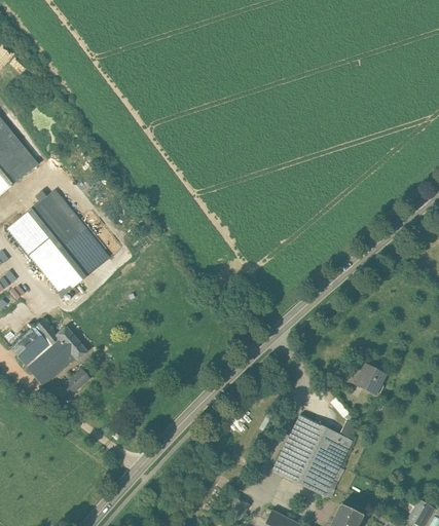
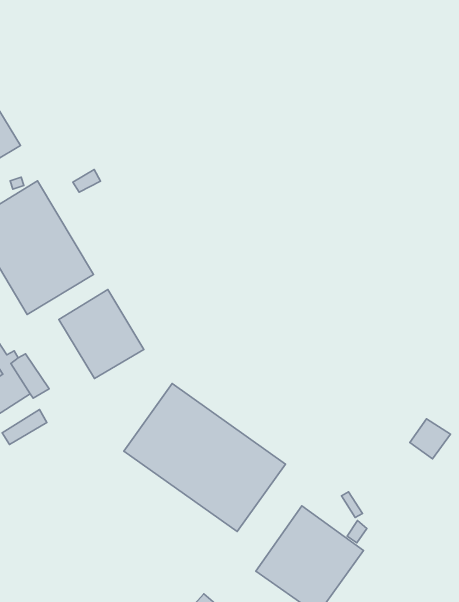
building: none -> [59,289,144,378]
building: none -> [124,384,286,532]
building: [356,364,387,394] -> [410,419,451,459]

